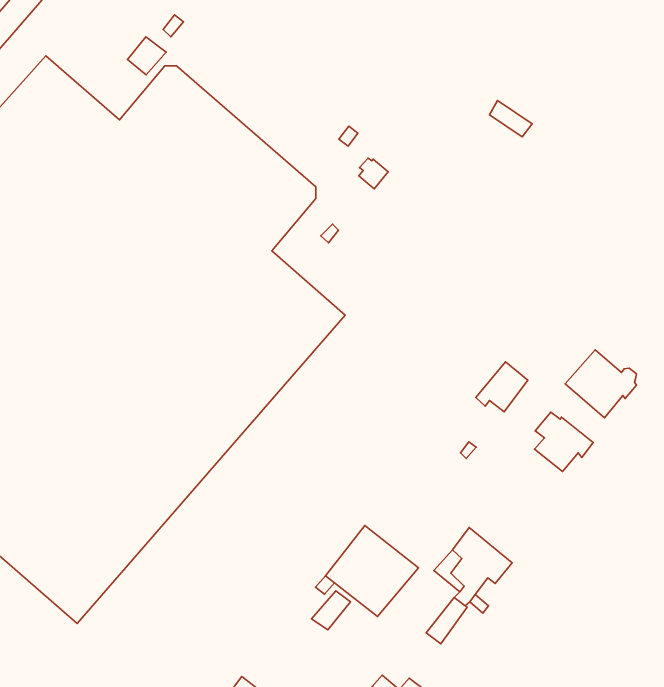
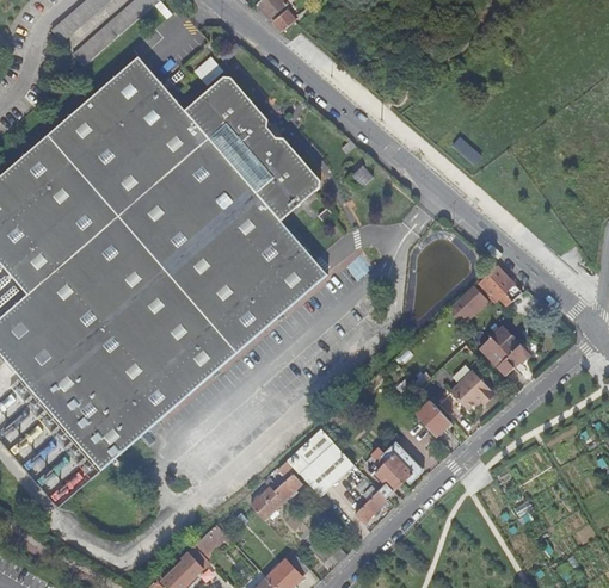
building: none -> [476,264,521,304]
building: [476,362,528,412] -> [448,285,487,321]
building: none -> [414,398,450,434]
building: none -> [247,485,282,519]

